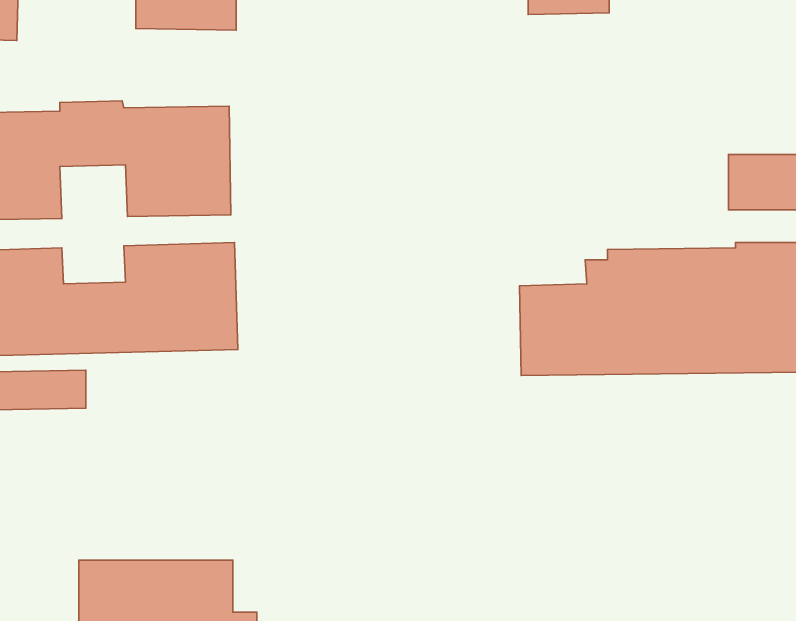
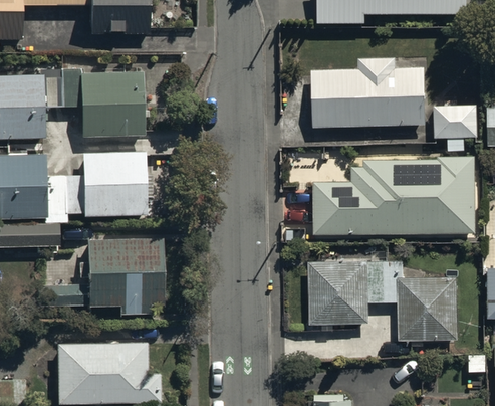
building: none -> [310,58,425,128]
building: none -> [37,236,162,313]
building: none -> [309,261,457,340]

